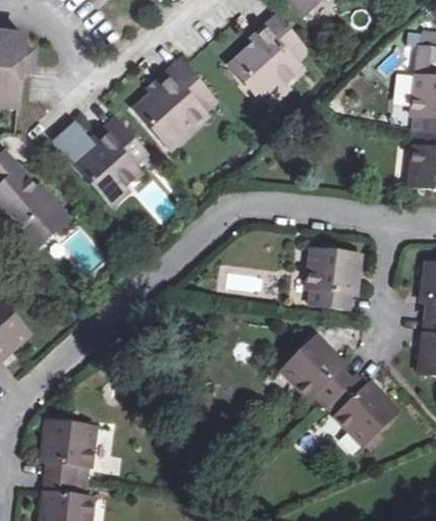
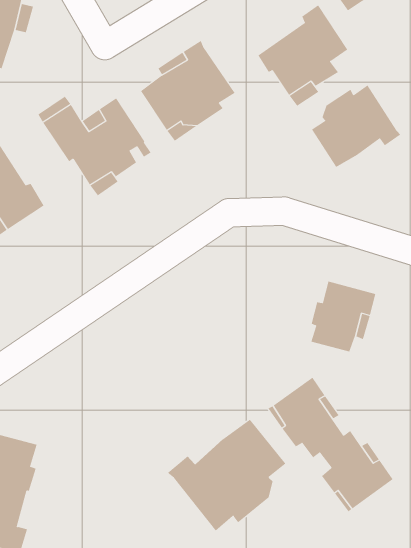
building: none -> [311,85,401,168]
building: none -> [167,419,286,532]

